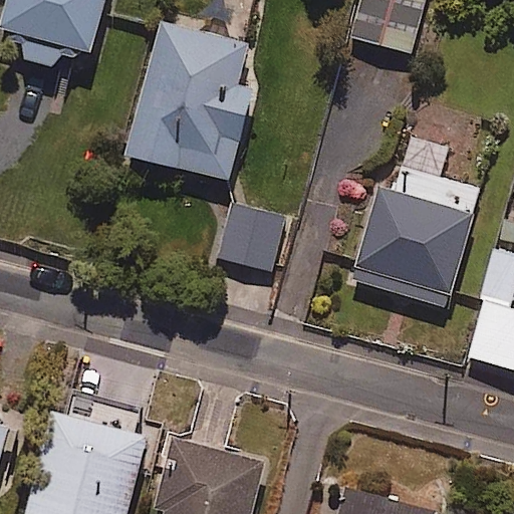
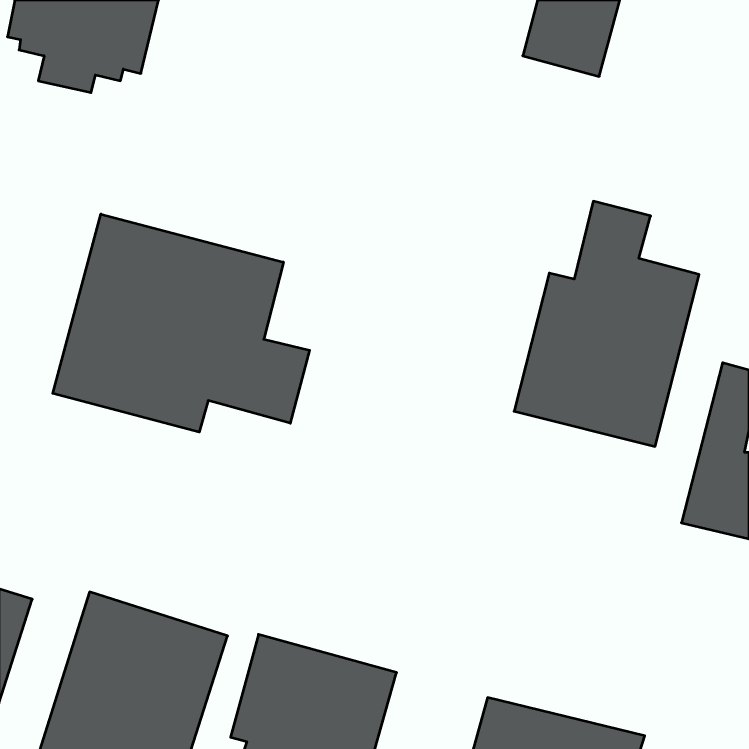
building: [121,20,249,182] -> none
building: none -> [53,214,310,432]
building: [213,203,283,272] -> none

